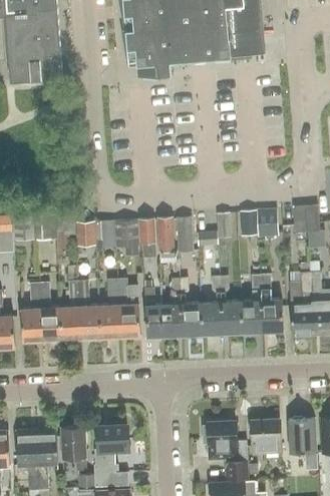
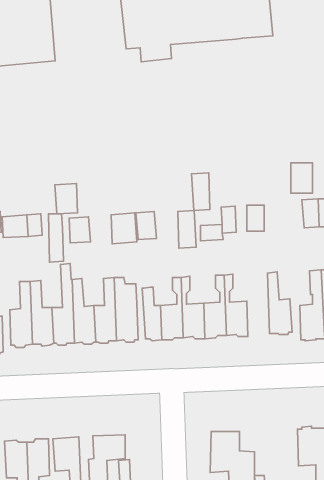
building: [257,208,277,236] -> [291,163,313,193]
building: [156,216,174,252] -> [192,173,210,211]
building: [94,220,115,249] -> [55,184,77,214]
building: [241,275,262,334] -> none
building: [250,419,280,451] -> none

